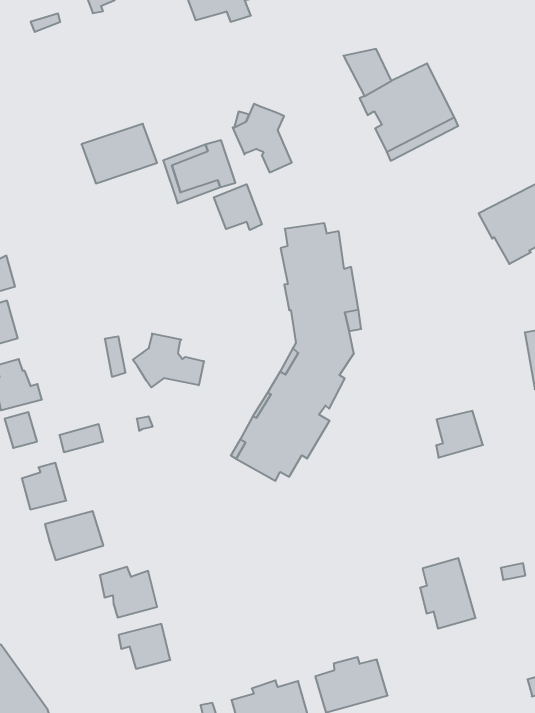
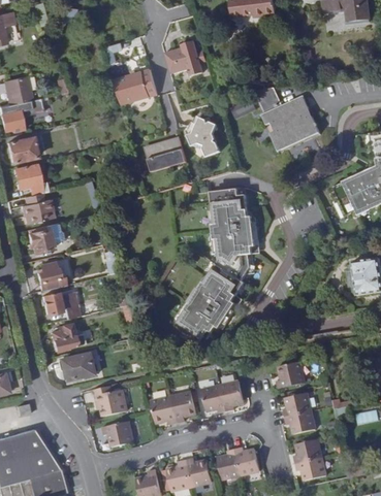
building: [81,124,157,183] -> [113,69,157,103]
building: [214,184,262,230] -> none
building: [133,333,204,387] -> none
building: [436,411,483,458] -> [277,361,305,388]
building: none -> [202,382,245,415]
building: none -> [152,393,197,426]
building: none -> [293,438,325,480]

